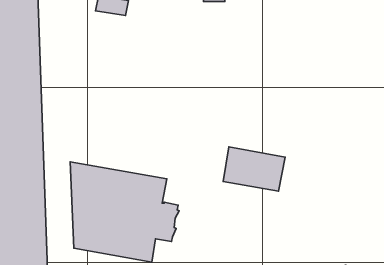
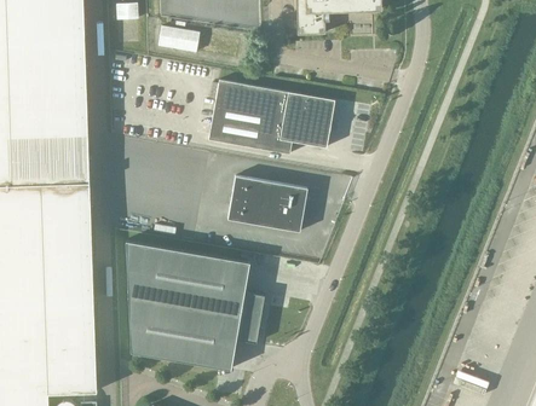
building: none -> [208,80,334,153]
building: [223,147,285,191] -> [227,175,307,232]

